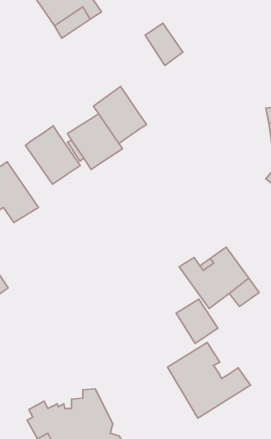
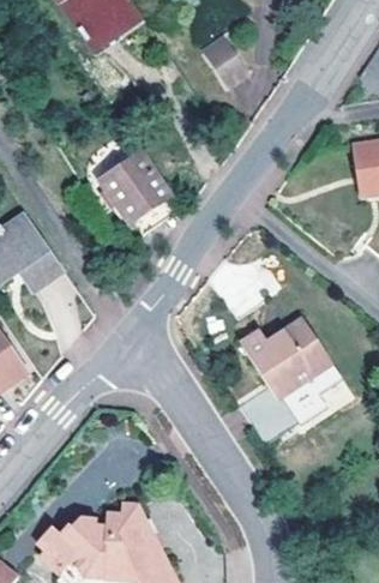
building: [94,87,146,143] -> none
building: [26,126,80,184] -> none
building: [168,342,251,418] -> none

